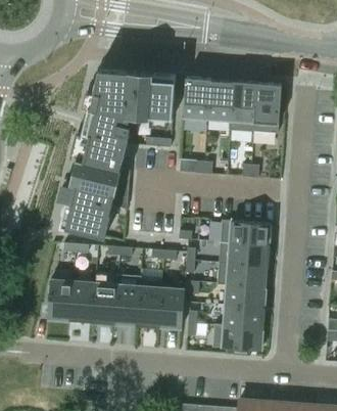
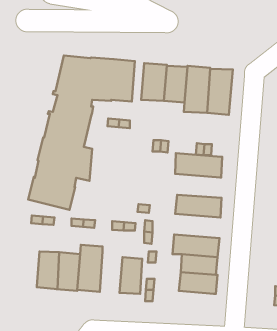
building: [218,241,269,268] -> [175,153,222,178]
building: [46,280,71,320] -> none
building: [137,282,161,328] -> none
building: [211,324,261,351] -> none

